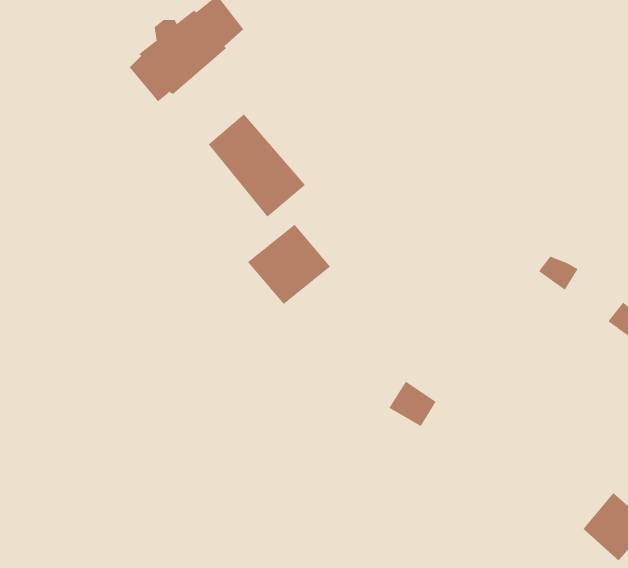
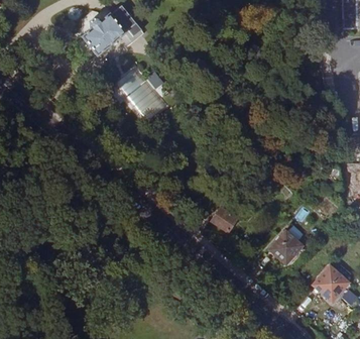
building: [247,224,331,305] -> none
building: none -> [270,229,303,262]

